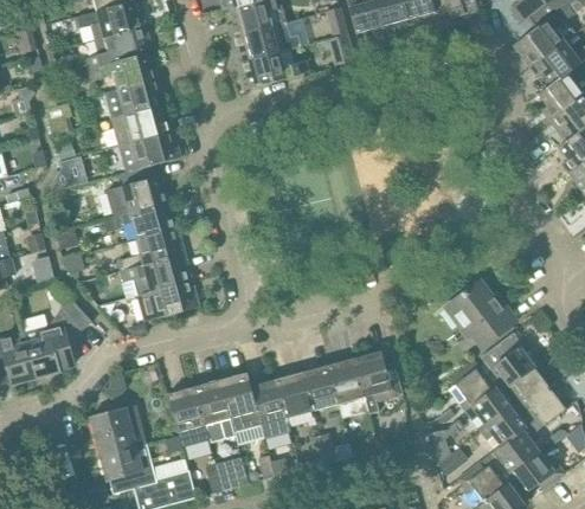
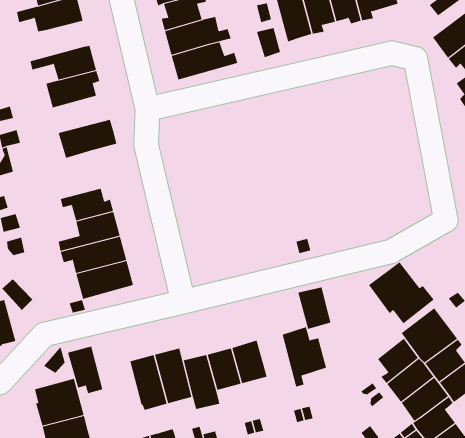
building: [84,27,148,70] -> none
building: [111,107,173,146] -> none
building: [103,165,169,217] -> none
building: [328,359,368,414] -> [297,287,335,340]
building: [167,387,205,438] -> [67,346,103,394]

